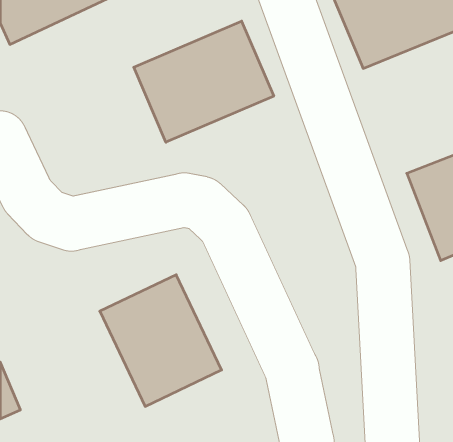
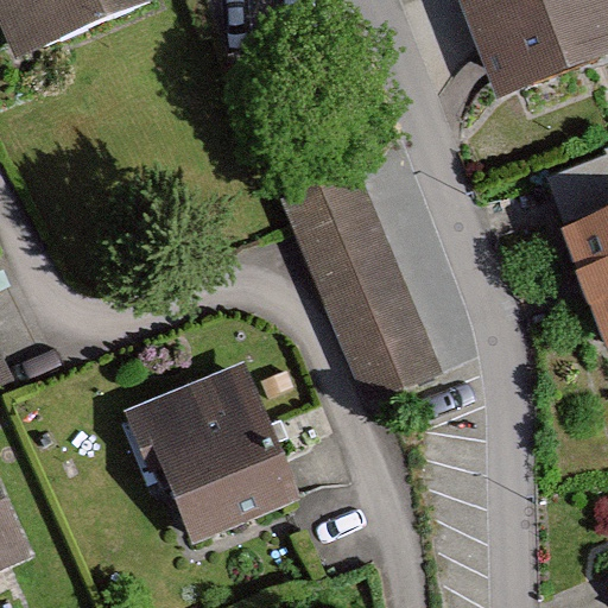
building: [134,21,274,142] -> none
building: none -> [280,162,444,401]

